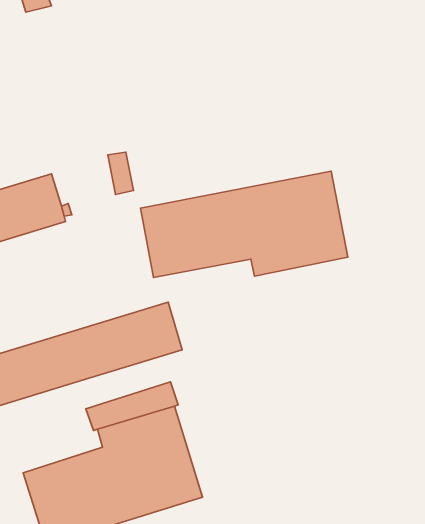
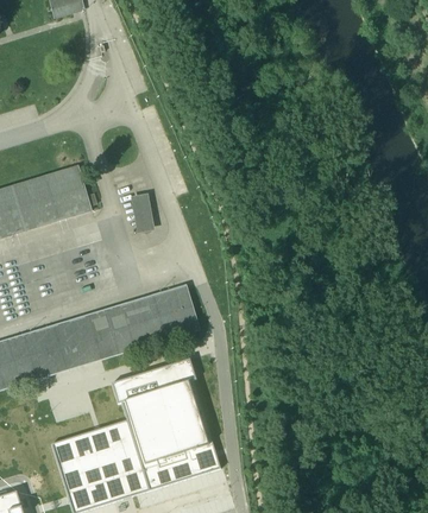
building: [108,152,134,194] -> [132,192,156,232]
building: [140,171,348,277] -> none

